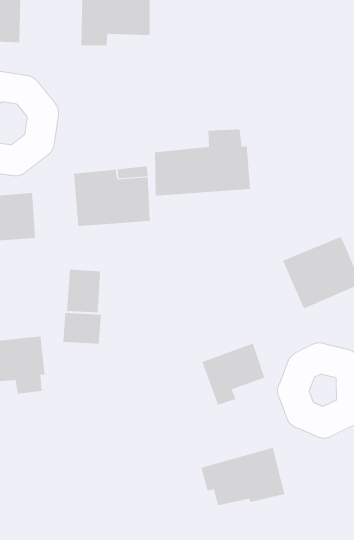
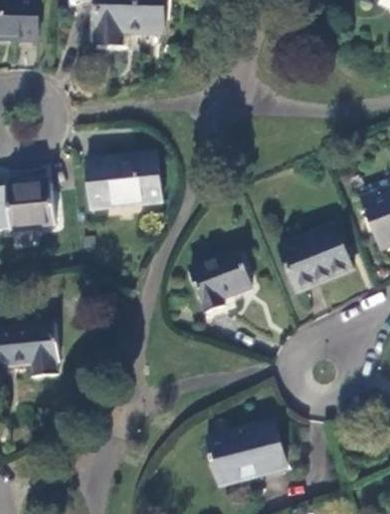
building: [154,128,251,197] -> none
building: [66,269,100,313] -> none
building: [202,343,265,405] -> [196,250,256,309]

